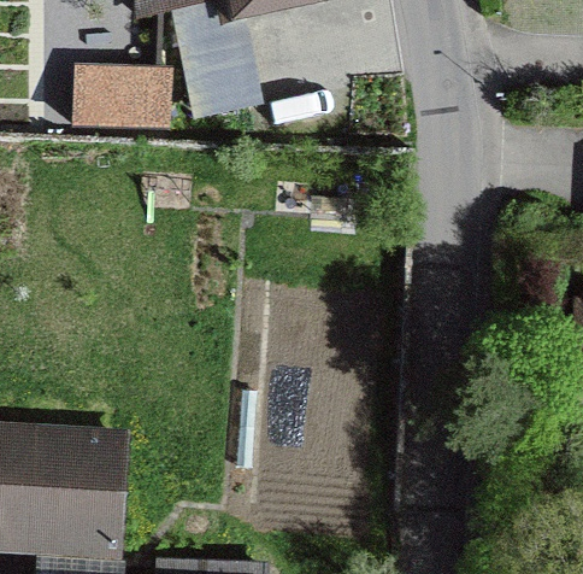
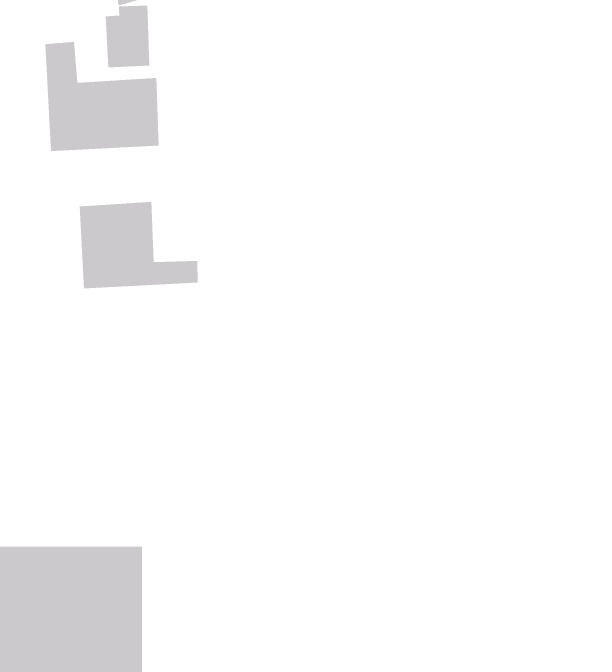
building: none -> [79,201,198,289]

